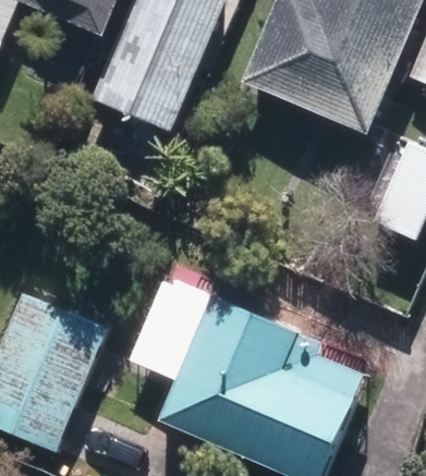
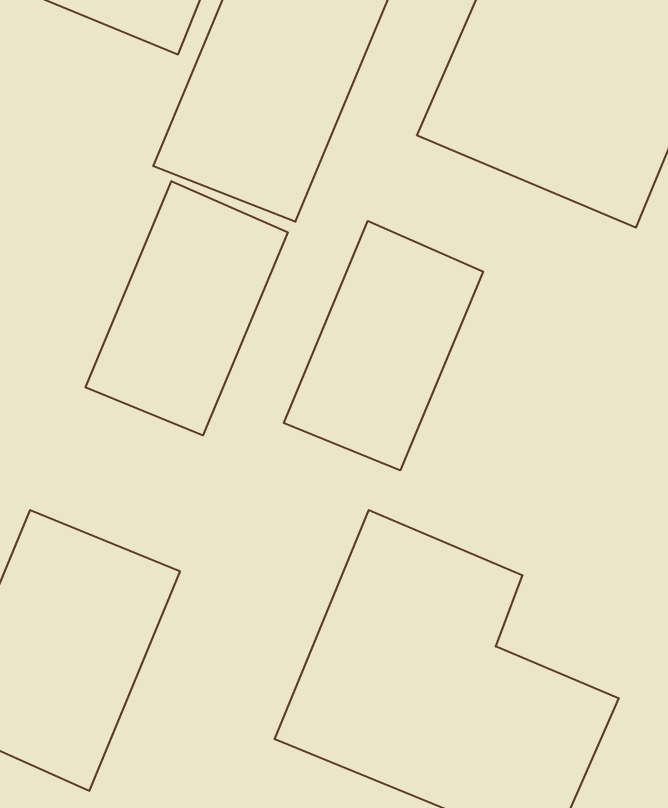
building: none -> [86,181,288,435]
building: none -> [284,221,483,470]

